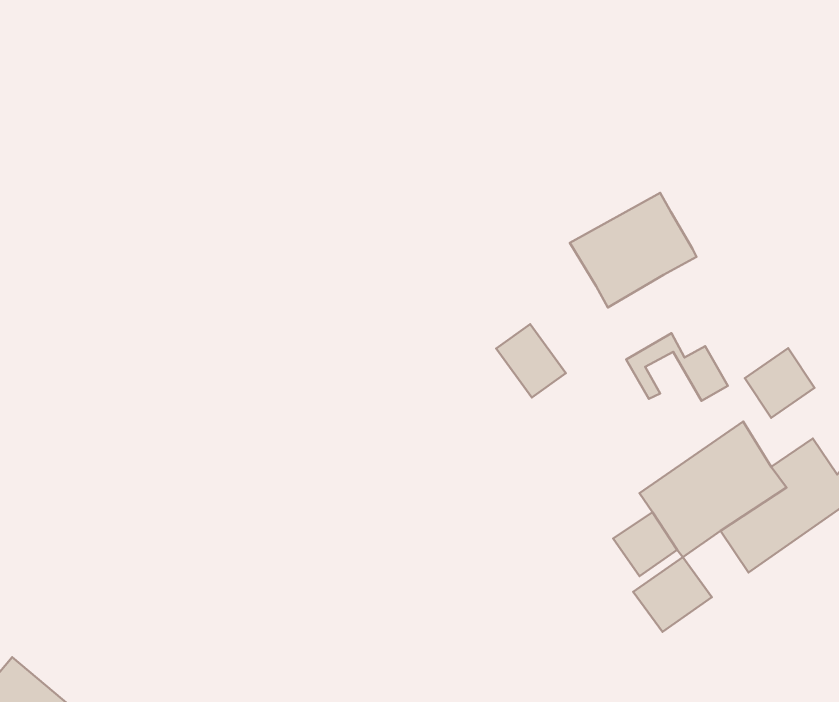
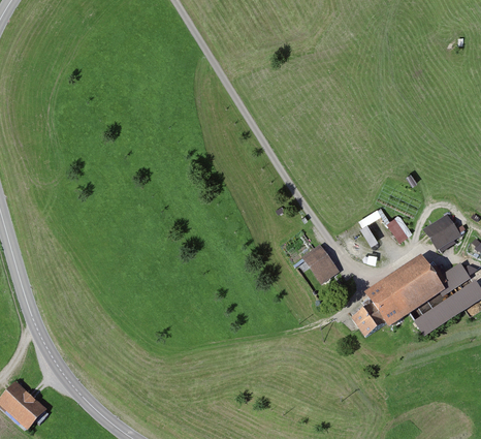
building: [570,193,697,308] -> none
building: [496,324,566,398] -> [300,245,339,285]
building: [633,557,712,632] -> none

